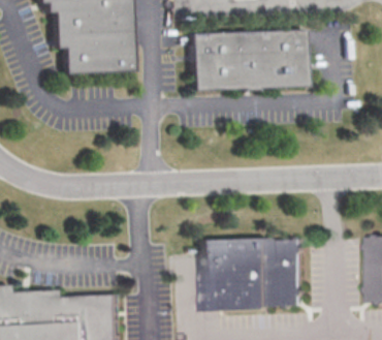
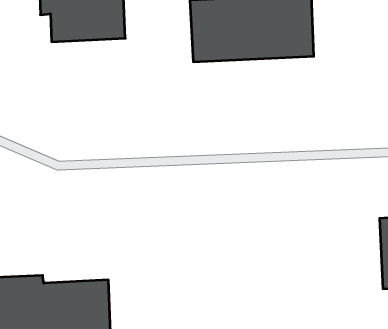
building: [203,236,308,312] -> none

